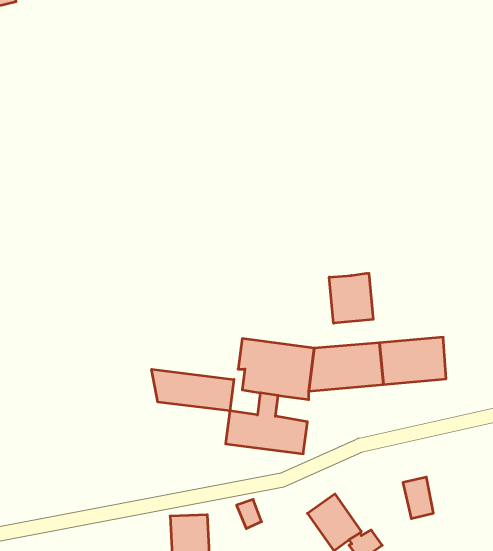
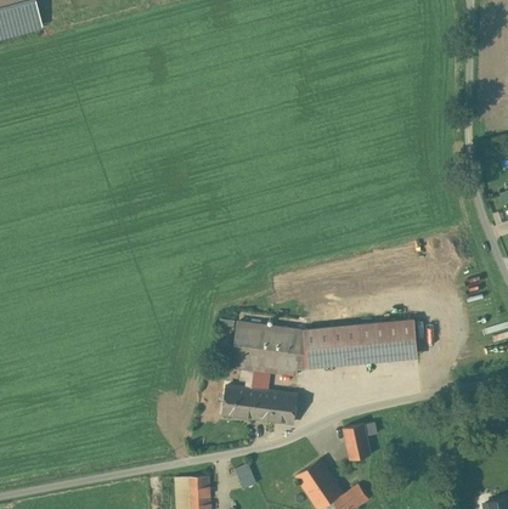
building: [329,273,373,323] -> none
building: [152,369,234,411] -> none
building: [403,477,433,519] -> [344,423,371,459]

